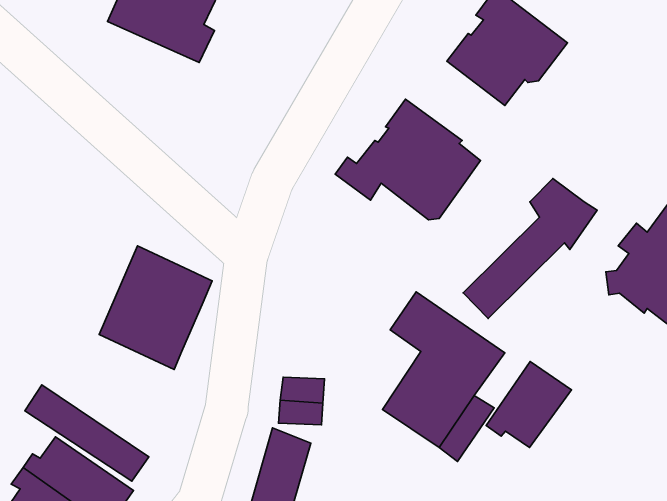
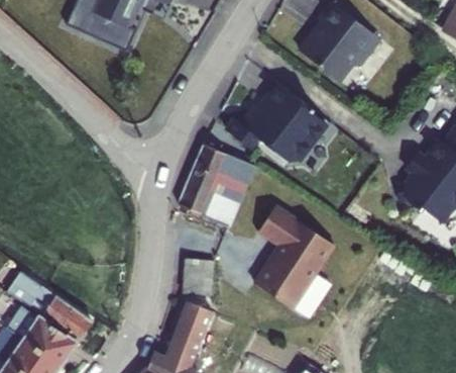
building: [463,178,597,319] -> none
building: [99,246,212,370] -> [179,146,253,227]
building: [486,362,571,448] -> none

